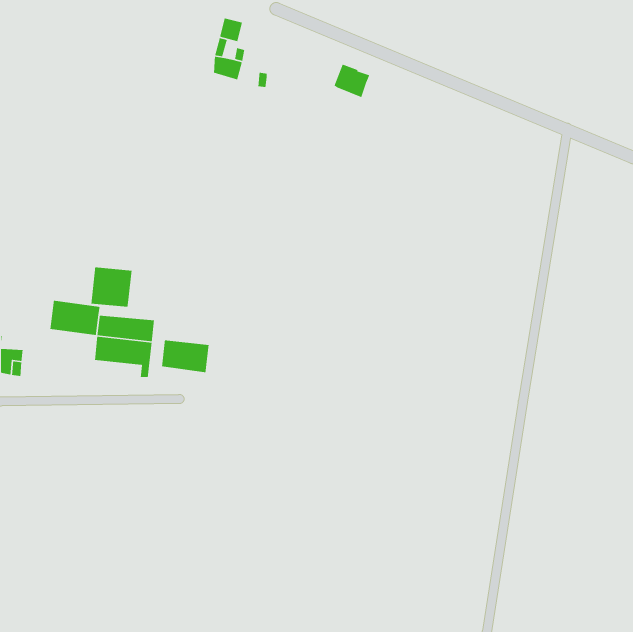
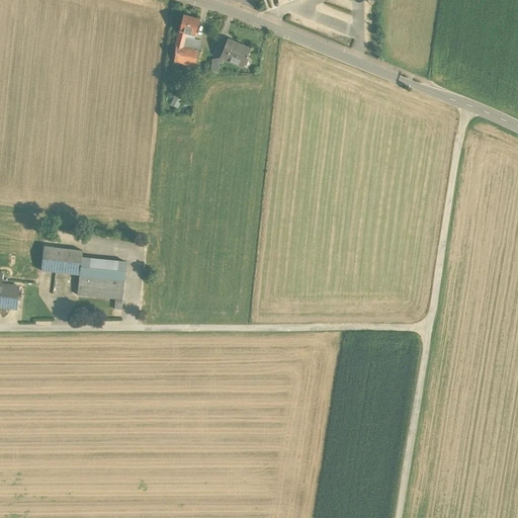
building: [333,63,371,98] -> [220,38,250,67]
building: [90,266,133,309] -> none
building: [161,340,209,373] -> none

